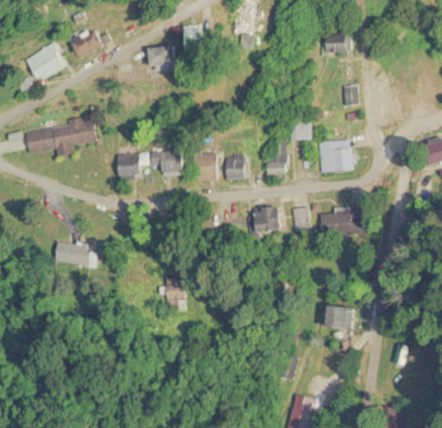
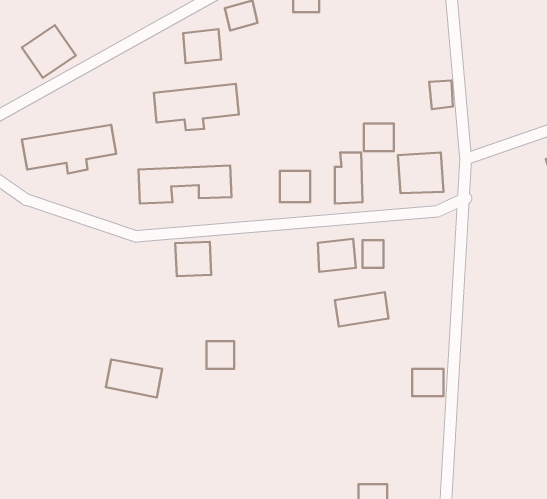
building: [74,28,107,57] -> none
building: [327,34,351,51] -> none
building: none -> [154,84,239,130]
building: [194,152,220,181] -> none
building: [315,209,356,235] -> [335,292,389,326]
building: none -> [175,242,211,276]
building: [49,239,93,269] -> [106,360,162,398]

